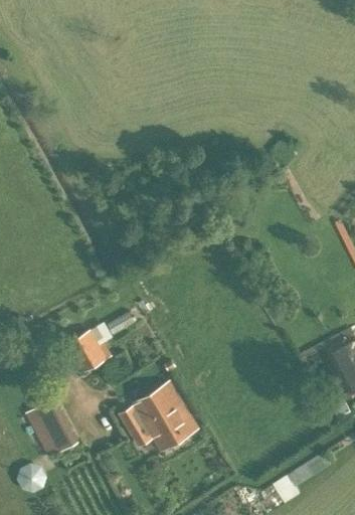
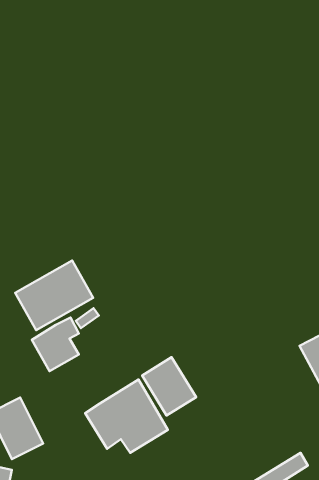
building: none -> [15,261,93,330]
building: none -> [142,357,196,416]

